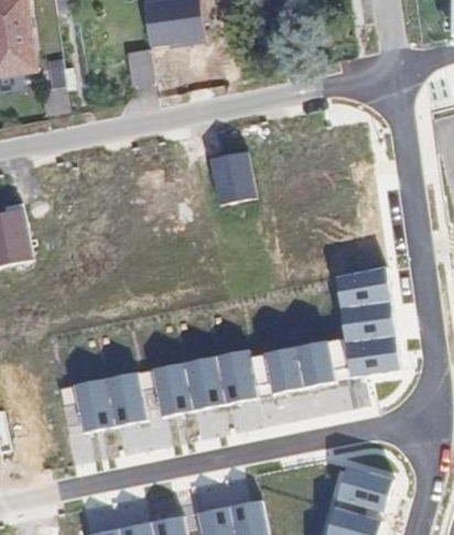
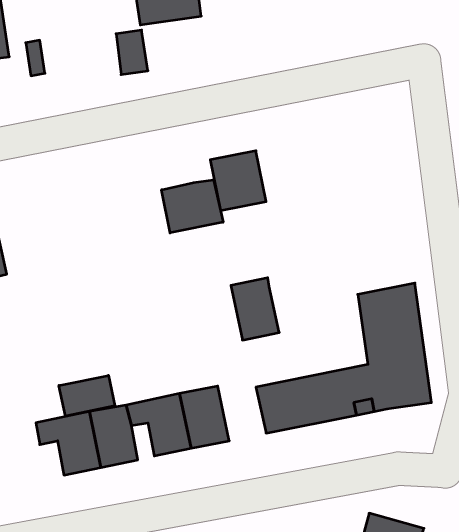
building: none -> [162,180,223,233]
building: none -> [59,375,115,416]
building: [215,349,257,403] -> [231,278,279,340]

